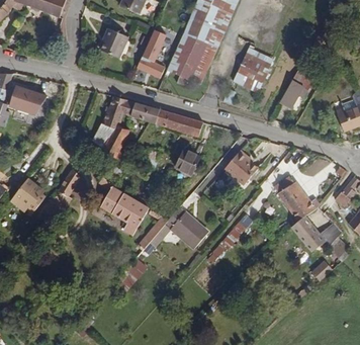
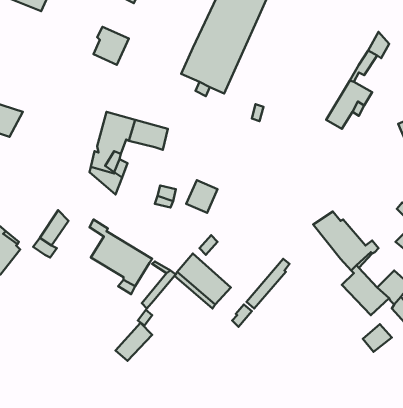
building: [137,37,164,77] -> none
building: [232,46,273,92] -> none
building: [155,108,203,137] -> none
building: [221,150,255,185] -> none

